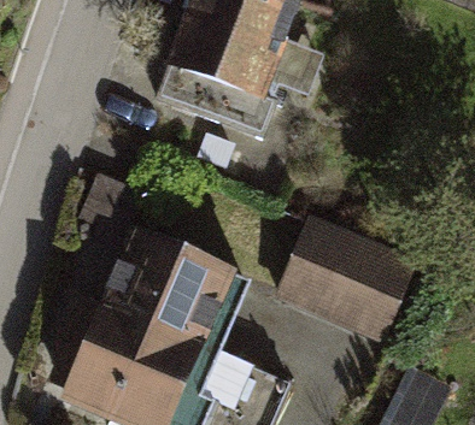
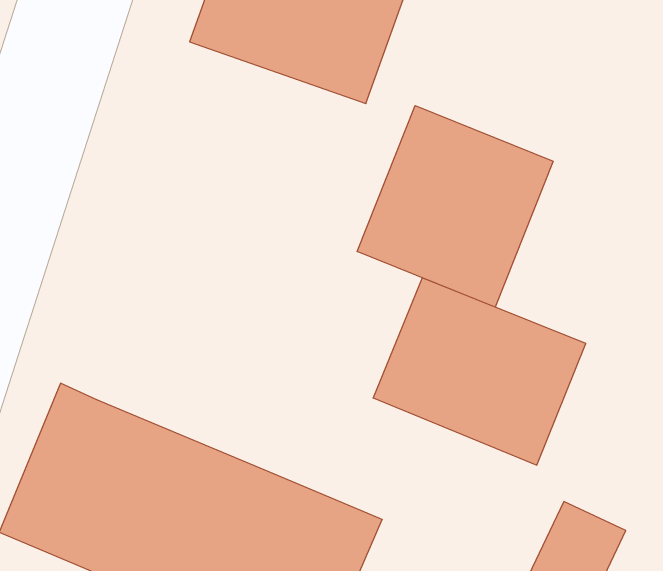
building: none -> [357,106,553,307]
building: [95,225,247,349] -> none

